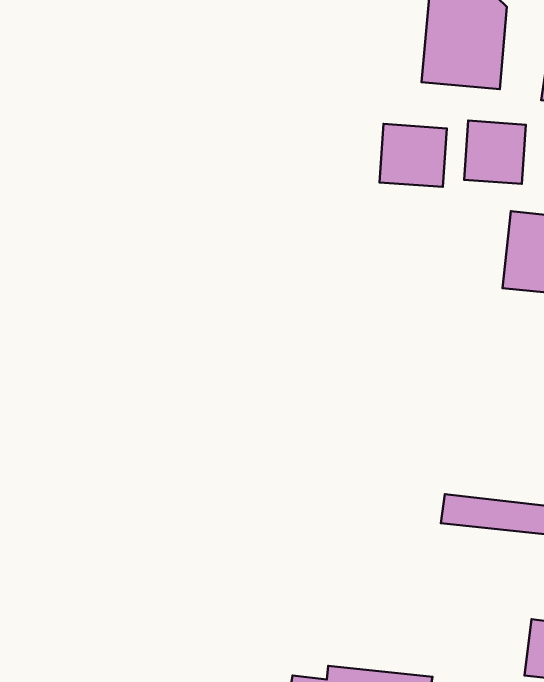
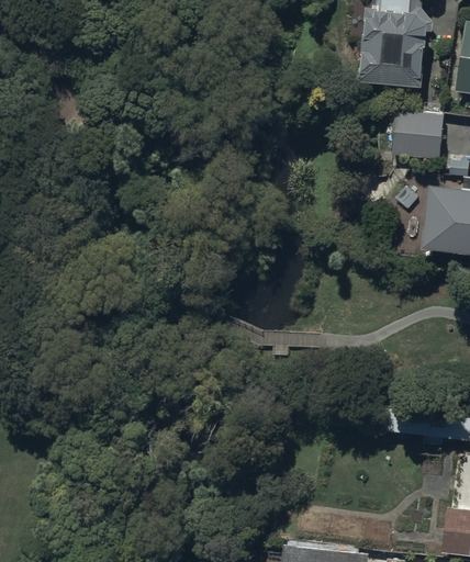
building: [379,124,447,187] -> none

